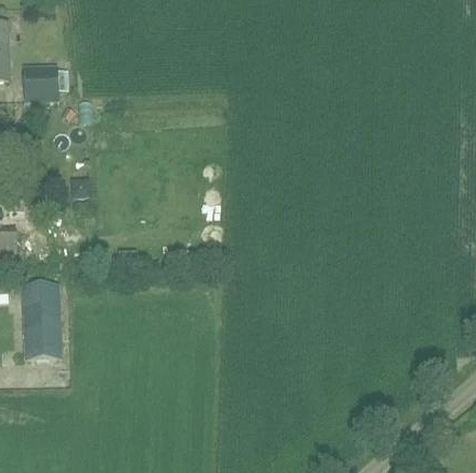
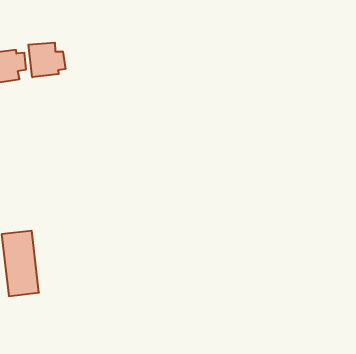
building: none -> [28,43,65,77]

